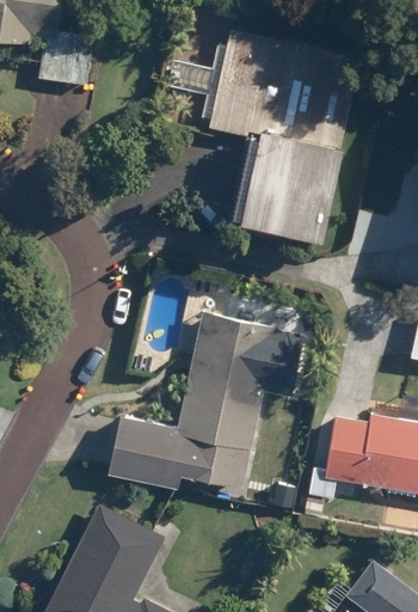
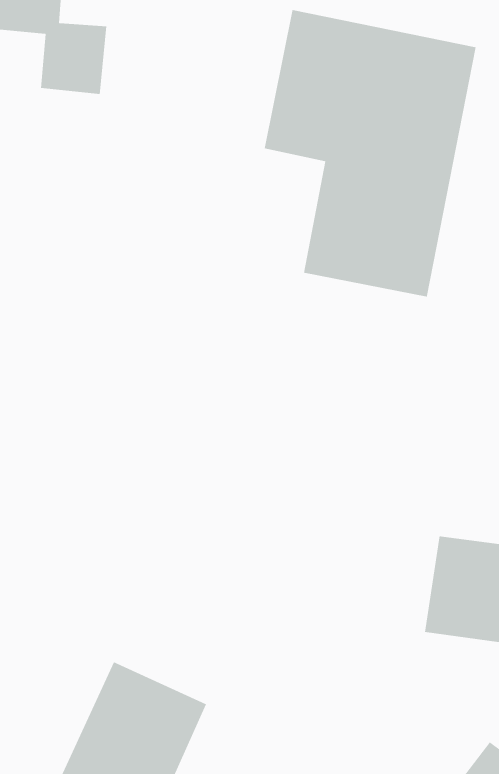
building: [105,311,275,491] -> none

